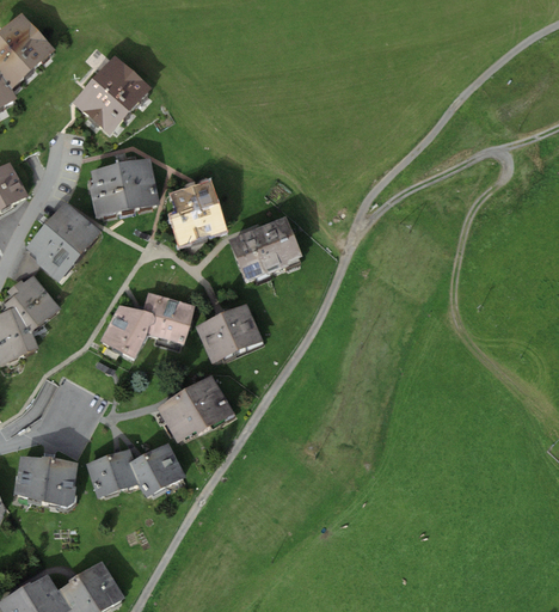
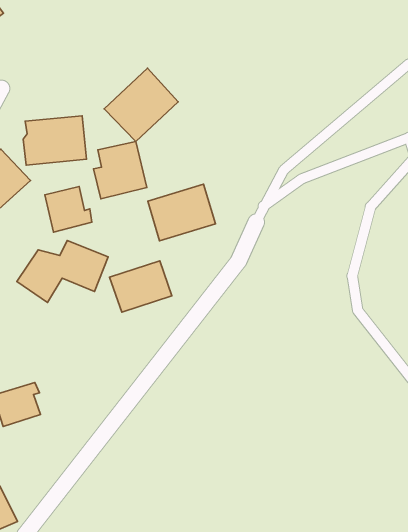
building: [73,63,150,142] -> [104,68,178,141]
building: none -> [45,186,92,232]
building: [156,375,235,442] -> none
building: [128,441,185,494] -> none

